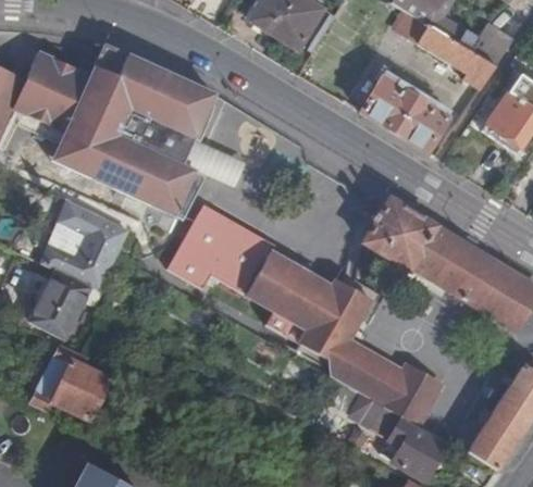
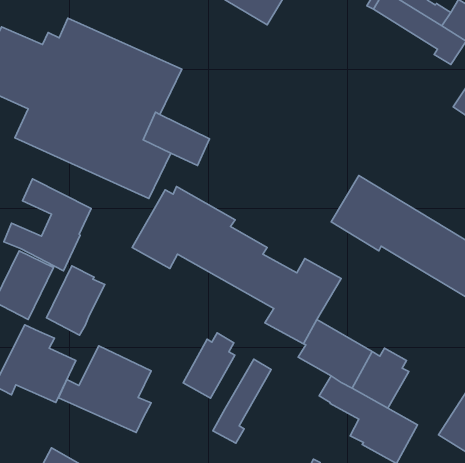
building: [360,70,447,151] -> none
building: none -> [46,266,105,335]
building: none -> [183,333,235,398]
building: none -> [59,346,151,432]
building: none -> [213,359,271,443]

